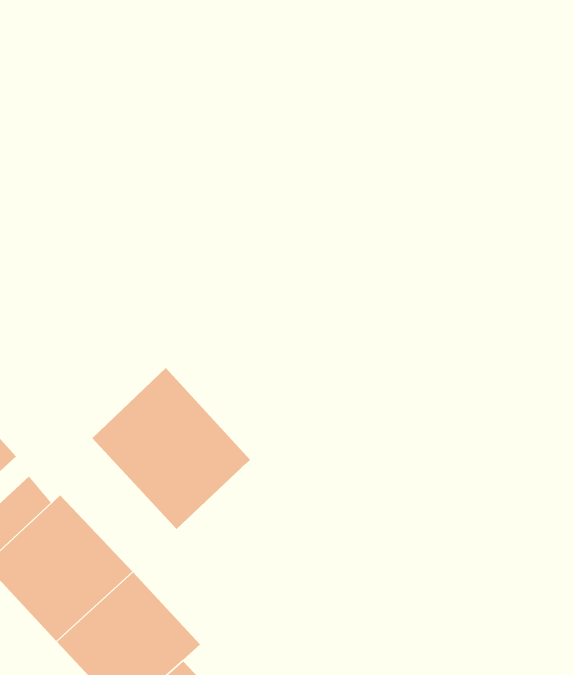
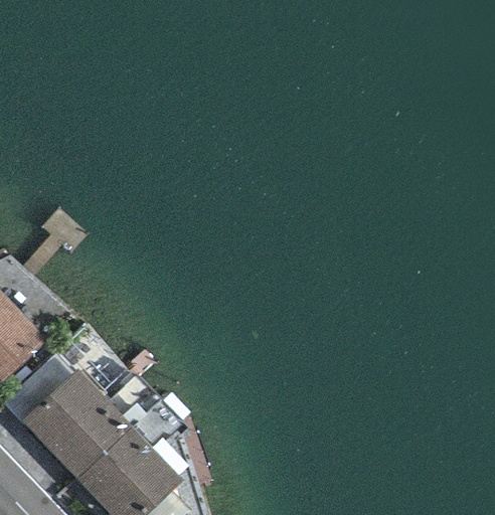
building: [91,367,251,530] -> none

